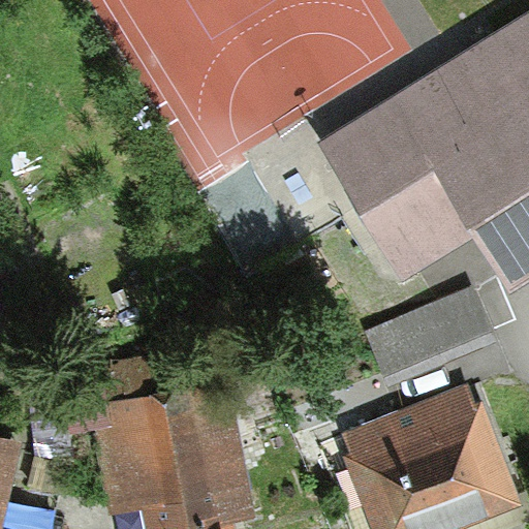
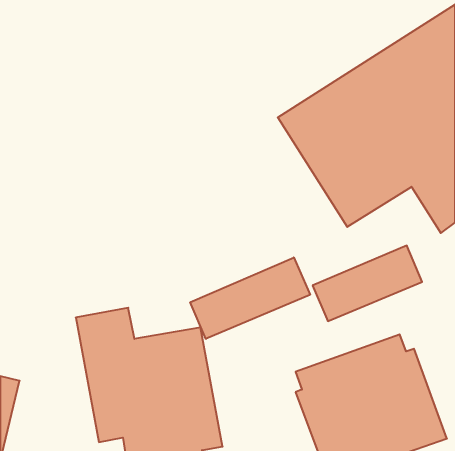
building: none -> [190,257,310,339]

